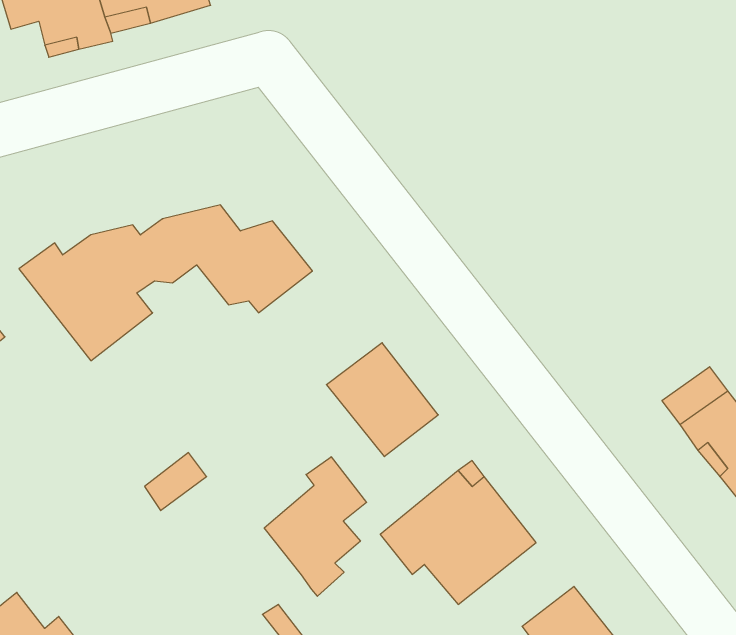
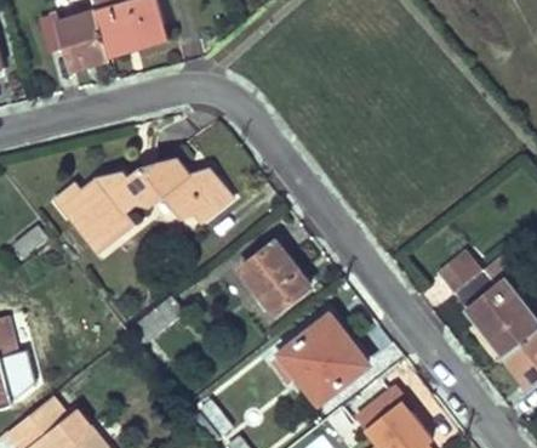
building: [264,457,367,596] -> none

